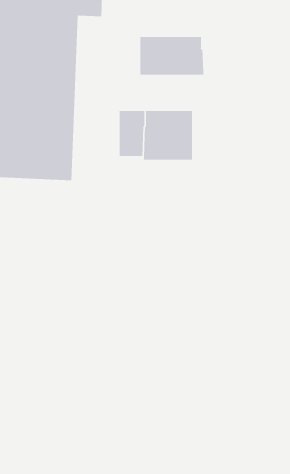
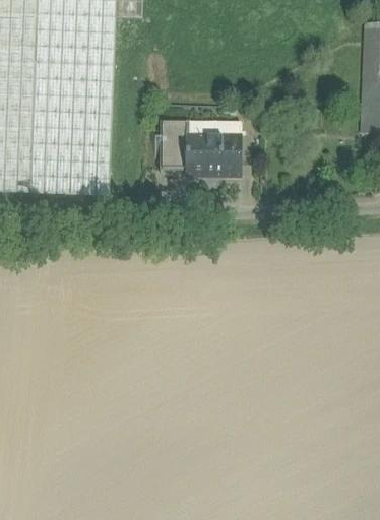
building: [140,36,204,75] -> none

